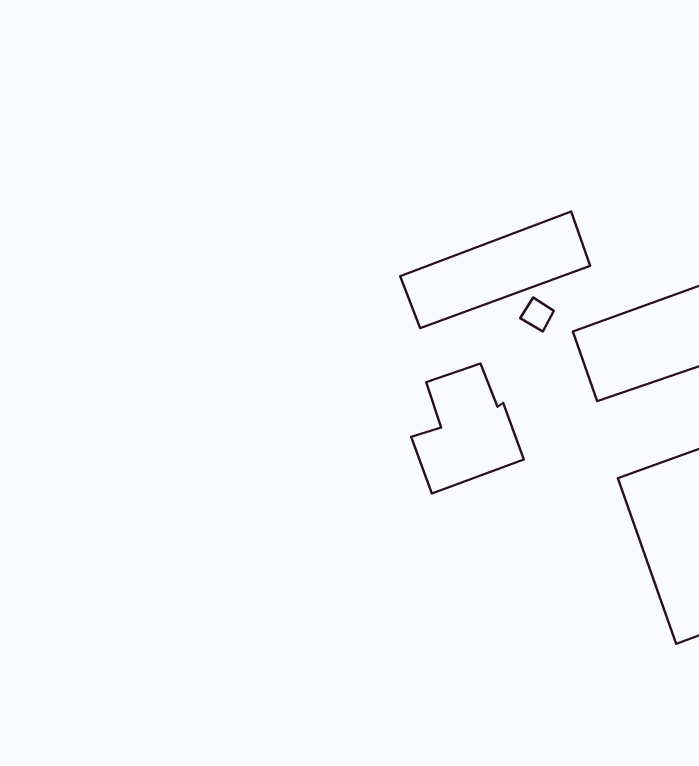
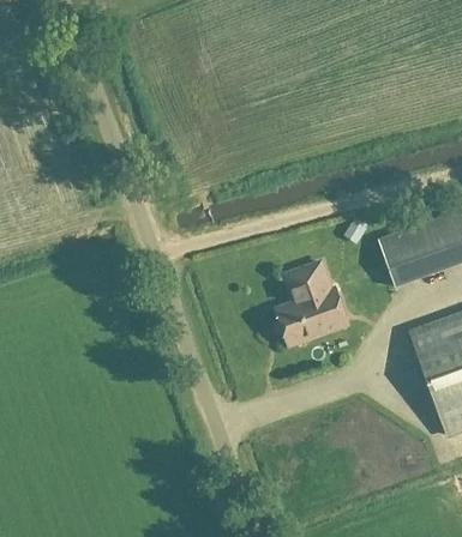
building: [400,211,590,328] -> none

